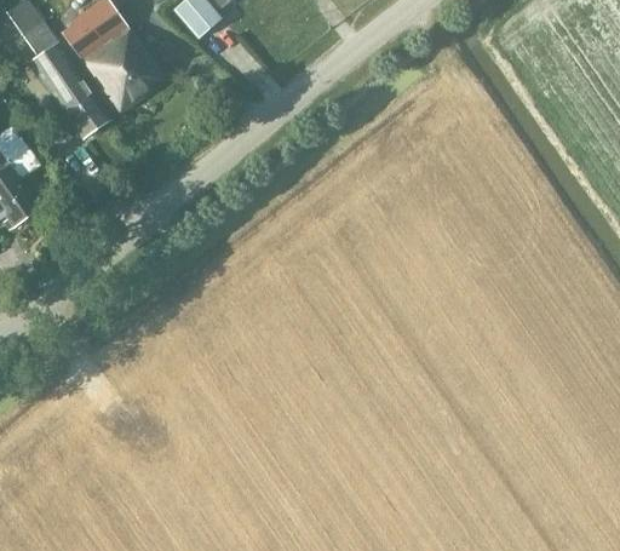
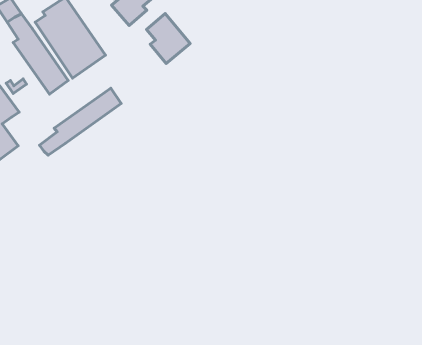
building: none -> [146,14,190,63]
building: none -> [39,88,121,155]

